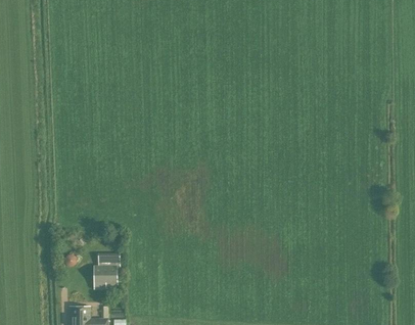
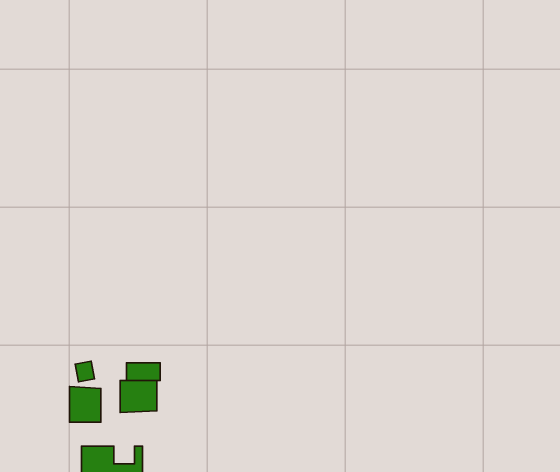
building: none -> [70,387,101,422]

